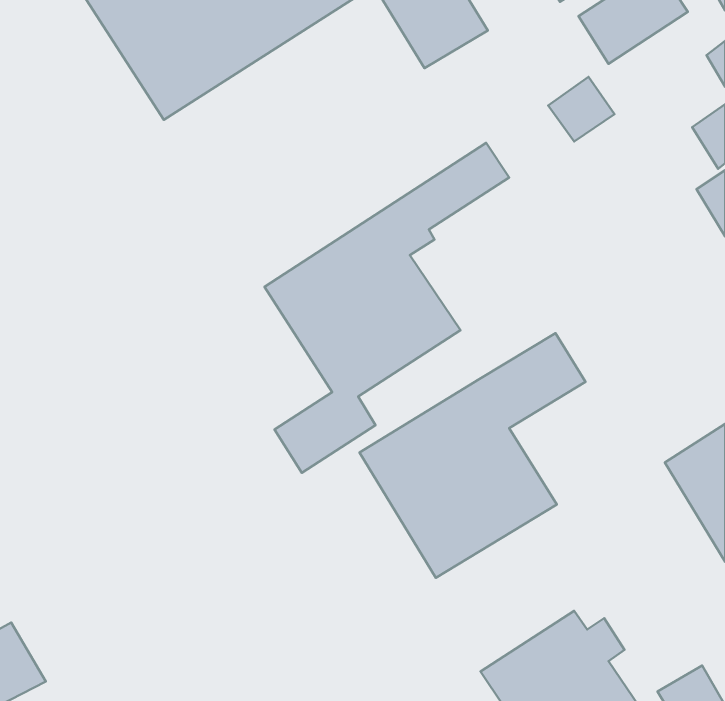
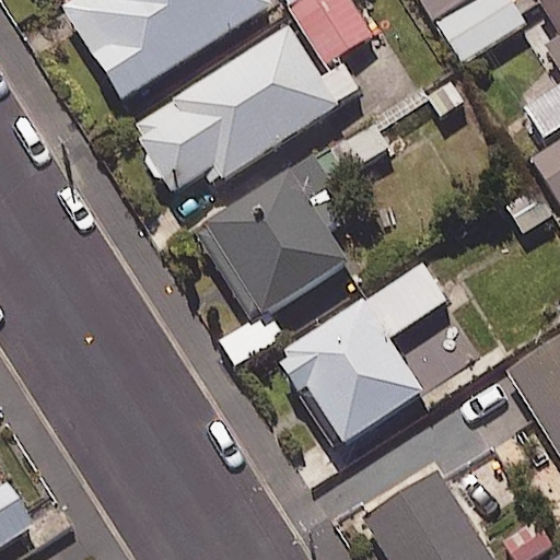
building: none -> [130,26,358,195]

